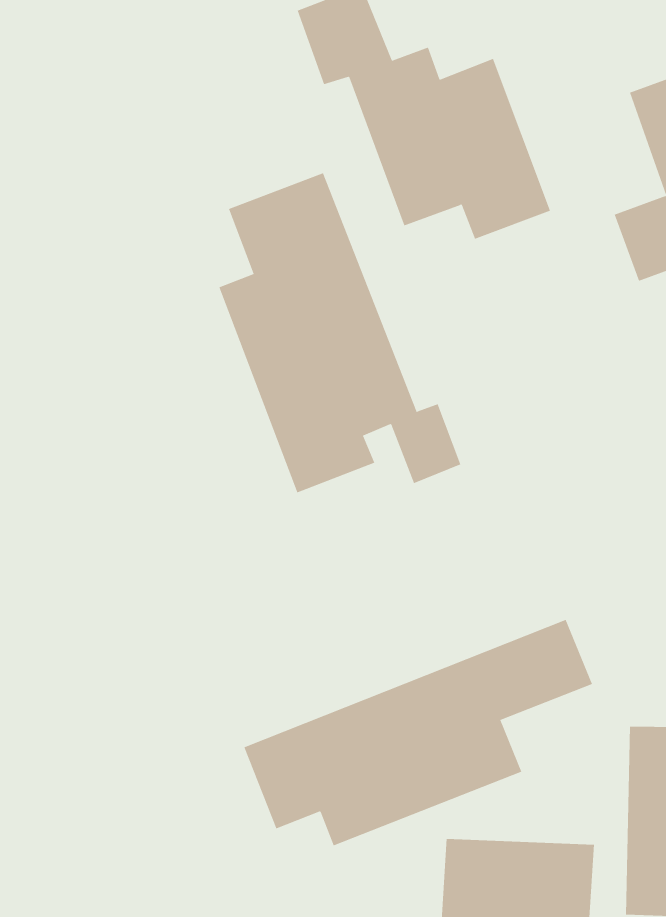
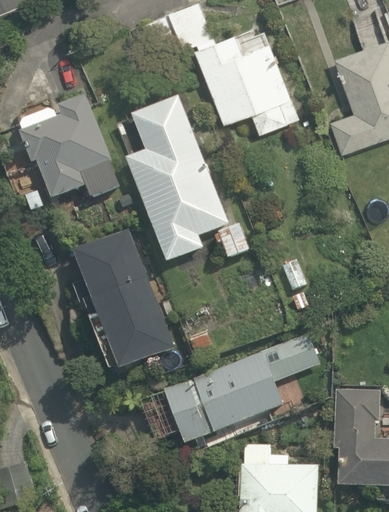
building: none -> [21,105,128,204]
building: none -> [65,226,172,370]

